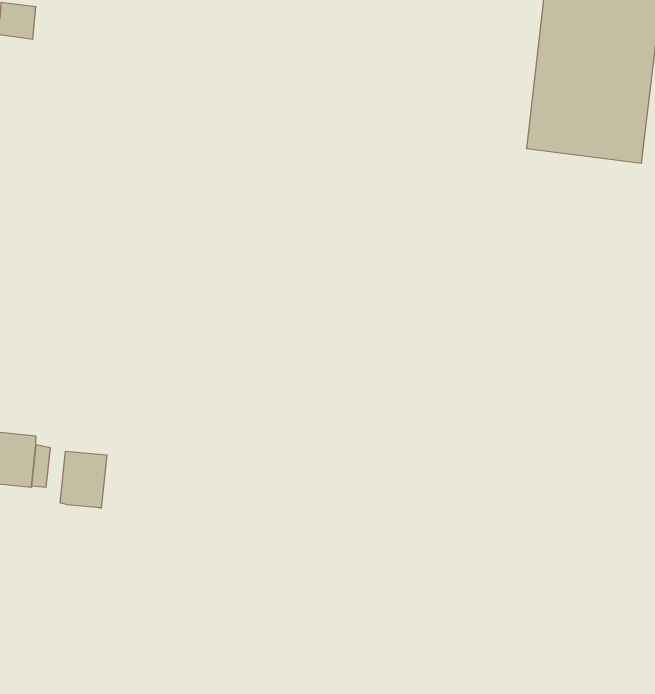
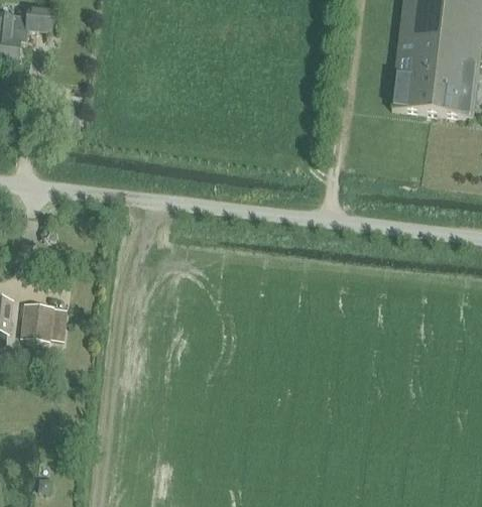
building: [60,451,107,508] -> none

